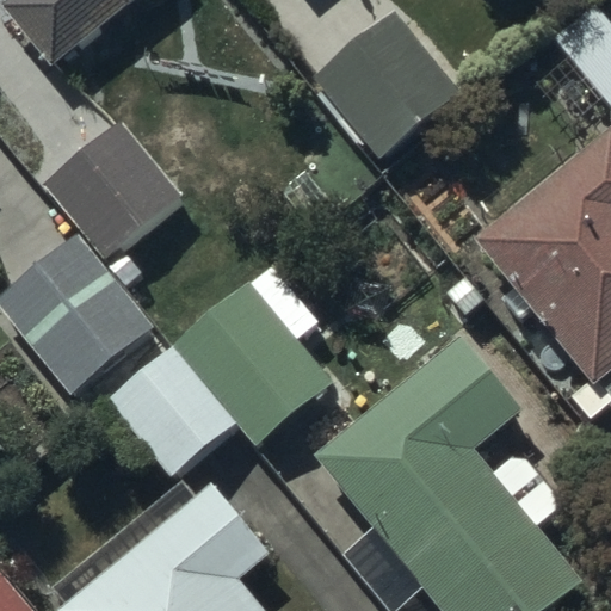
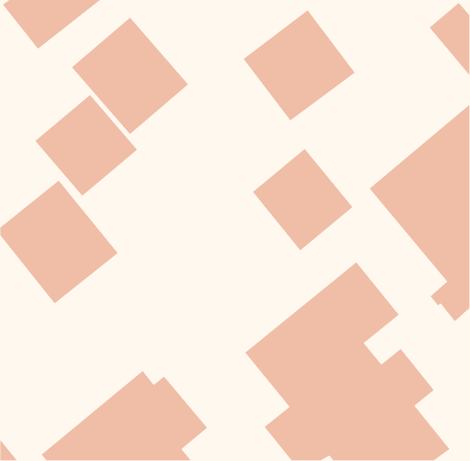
building: none -> [71,17,189,135]
building: none -> [252,148,353,251]
building: [106,265,332,480] -> none

